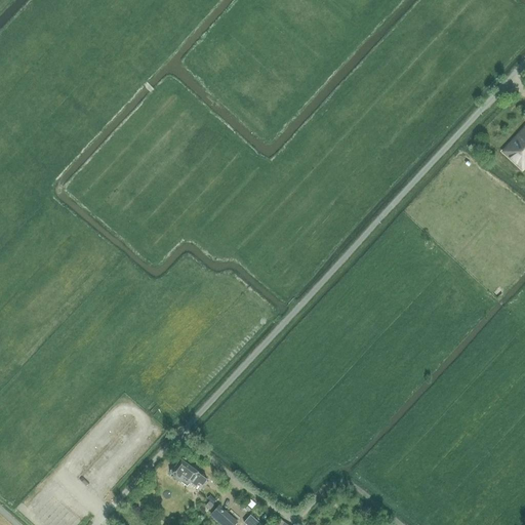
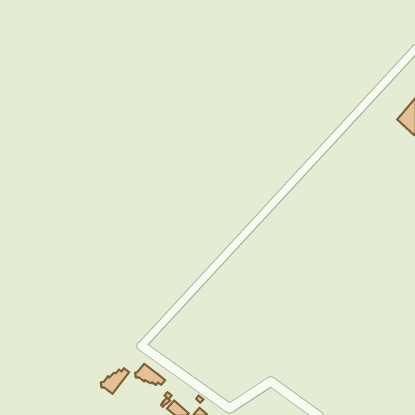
building: none -> [101,368,129,394]

